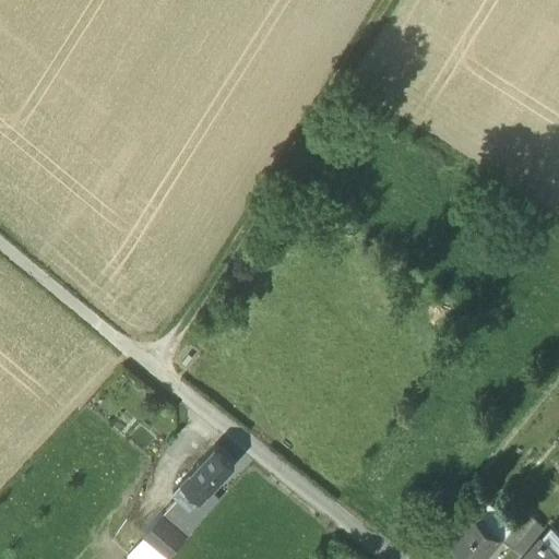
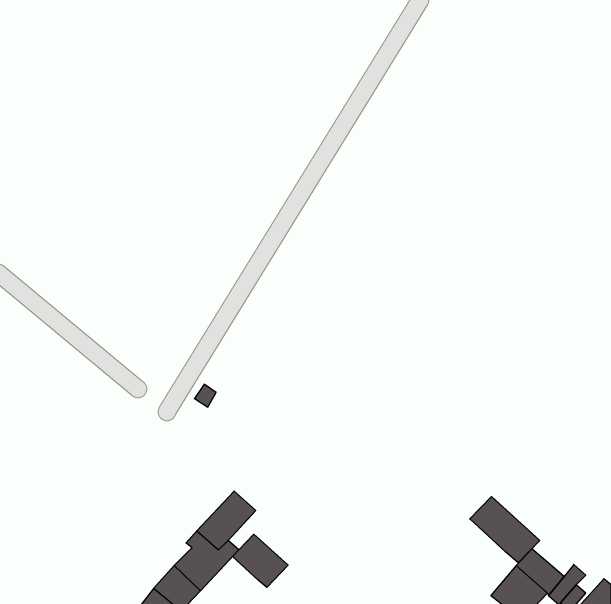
building: none -> [470,497,540,563]
building: none -> [233,534,288,587]

